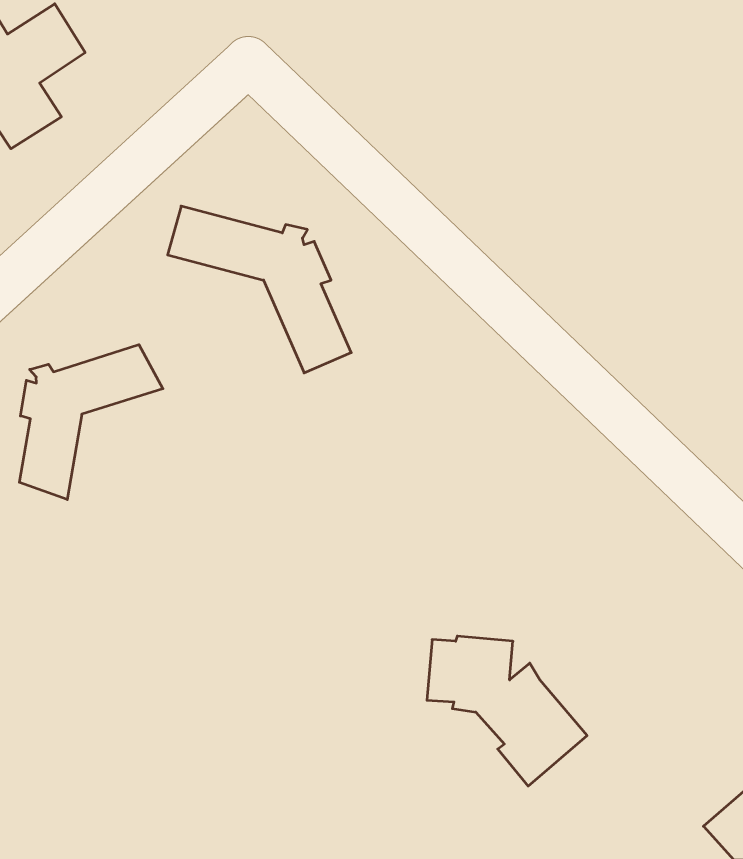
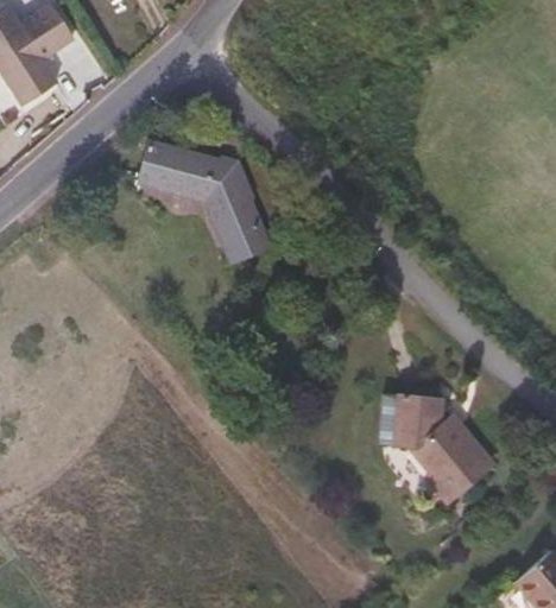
building: [19,345,163,500] -> none
building: [427,636,587,786] -> [378,395,491,501]

